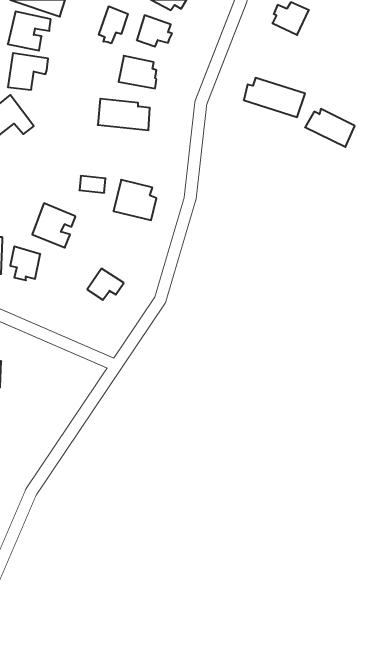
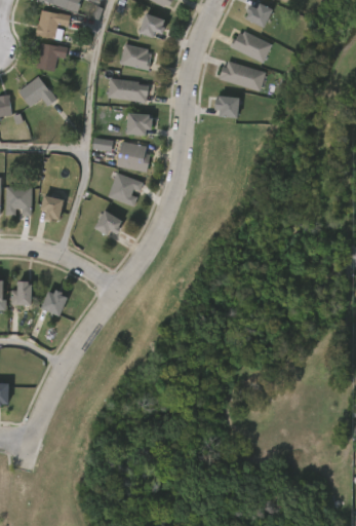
building: [99,6,128,43] -> none
building: [305,109,355,147] -> [234,32,273,62]
building: none -> [214,96,238,117]
building: none -> [125,113,152,135]
building: [32,203,75,248] -> [108,173,142,208]
building: none -> [38,290,67,317]

